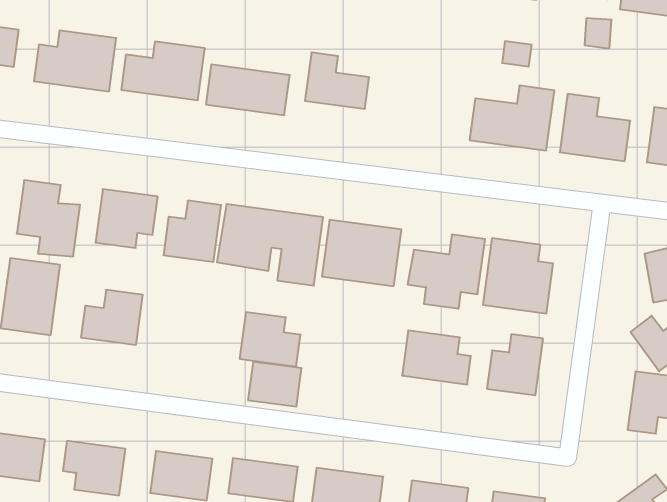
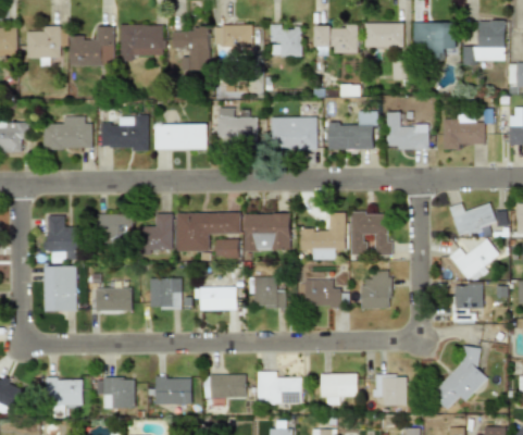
building: none -> [272,117,317,149]
building: none -> [150,277,182,308]
building: [248,362,302,407] -> [254,282,286,307]

